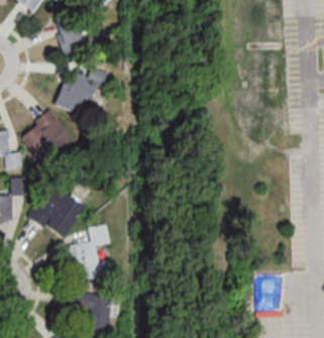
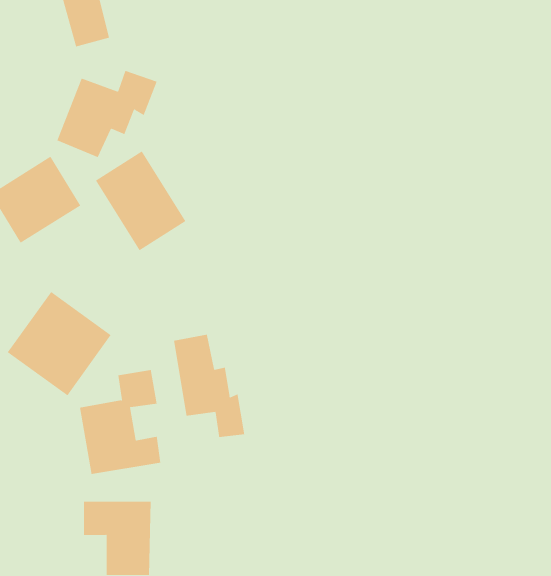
building: none -> [95,150,186,251]
building: none -> [173,334,245,438]

